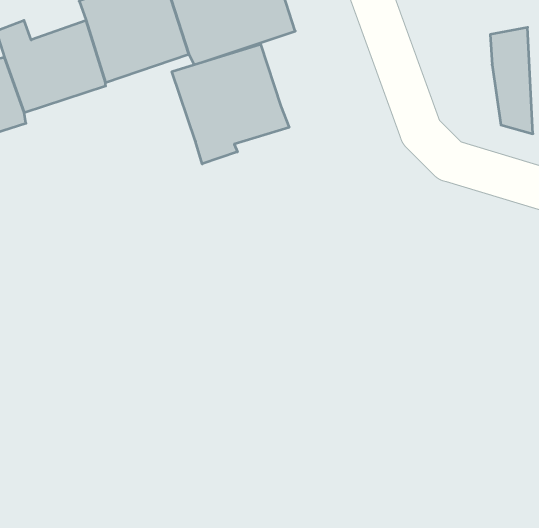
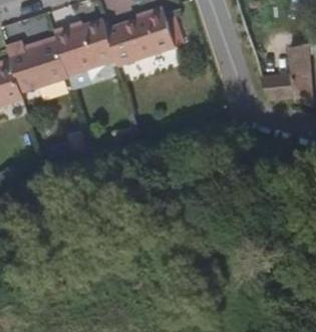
building: [172,44,289,164] -> none
building: none -> [258,66,291,101]

